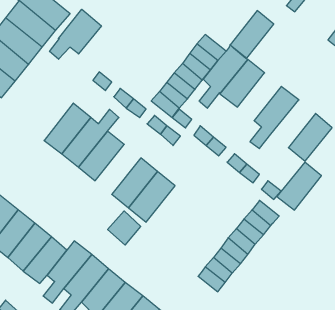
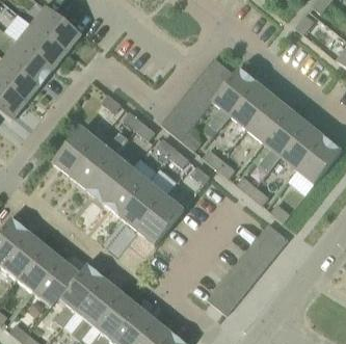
building: [50,9,101,59] -> none
building: [230,11,274,58] -> [247,96,291,143]
building: none -> [105,159,158,217]
building: [277,162,321,210] -> [281,123,325,170]

